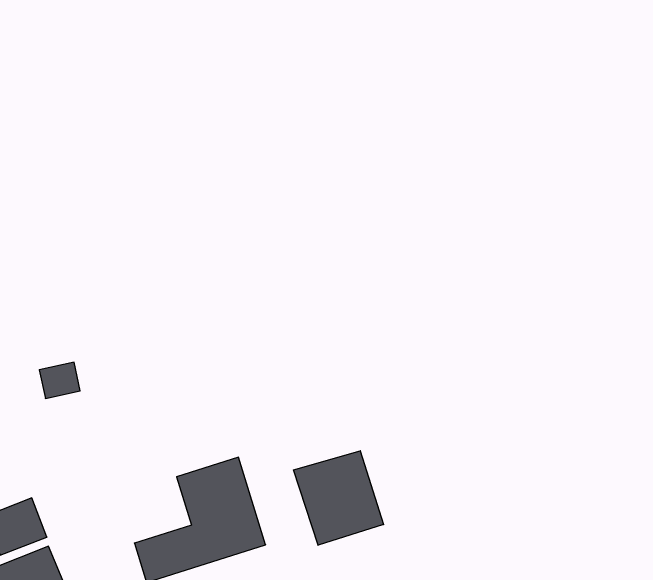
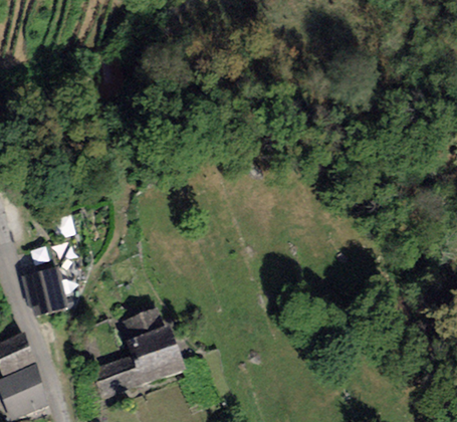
building: none -> [25,268,70,315]
building: [294,451,384,545] -> none

